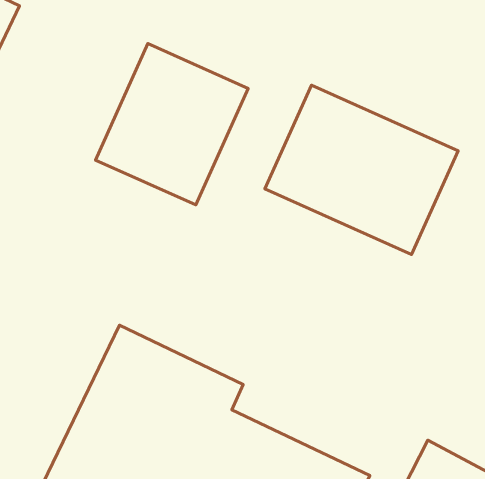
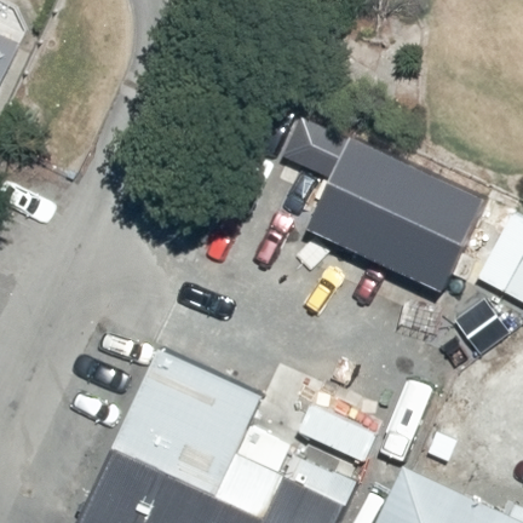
building: [95,44,248,205] -> none

